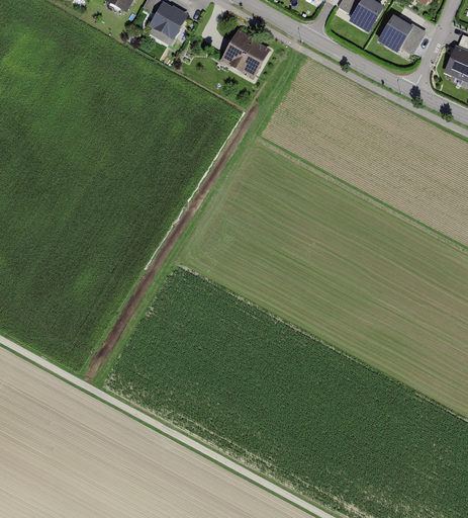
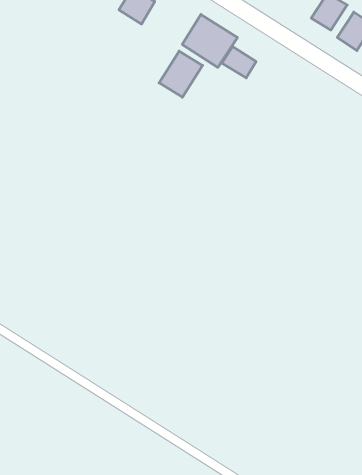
building: none -> [222,47,256,78]
building: none -> [159,51,203,97]

